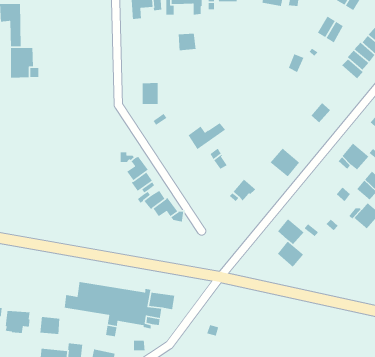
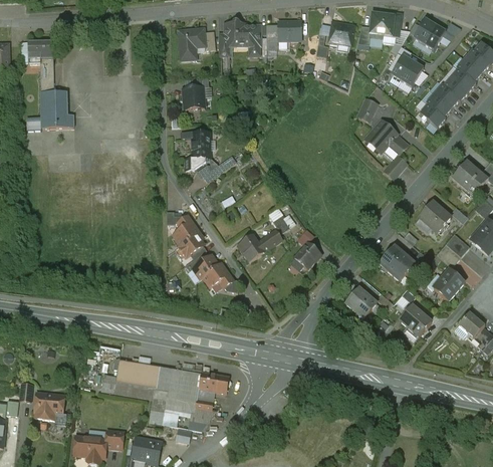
building: [178,33,196,51] -> [183,87,204,108]
building: none -> [364,120,408,153]
building: [188,122,226,150] -> [237,230,281,262]
building: [269,148,300,177] -> [379,246,414,280]
building: [277,241,304,268] -> [400,304,431,335]
building: [40,316,60,335] -> none

